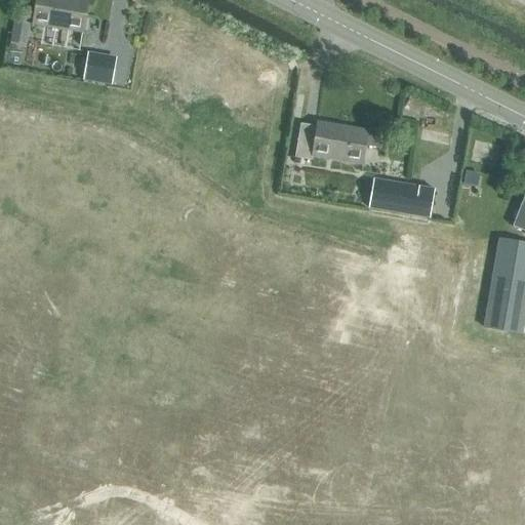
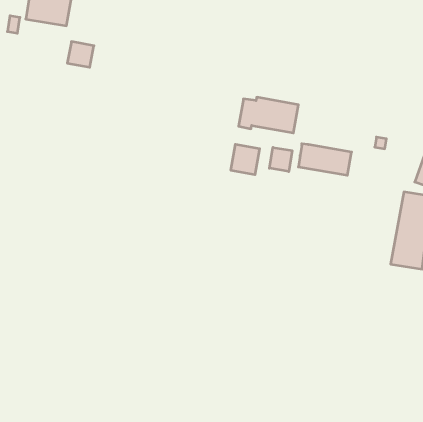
building: none -> [231,144,260,175]
building: none -> [269,147,292,172]

